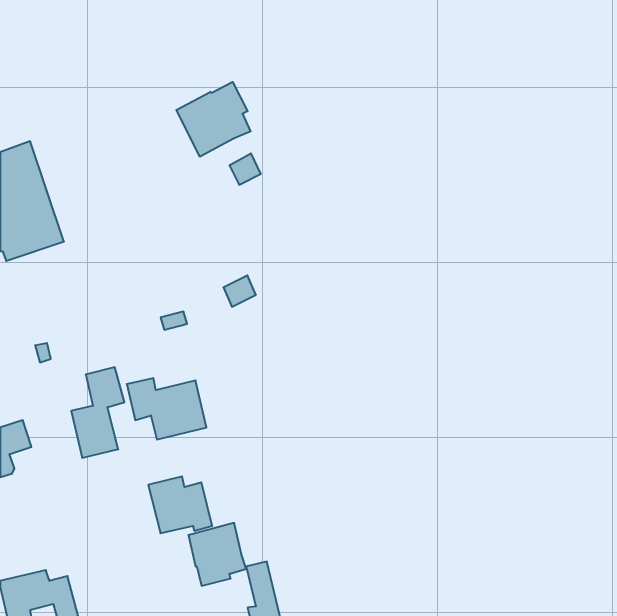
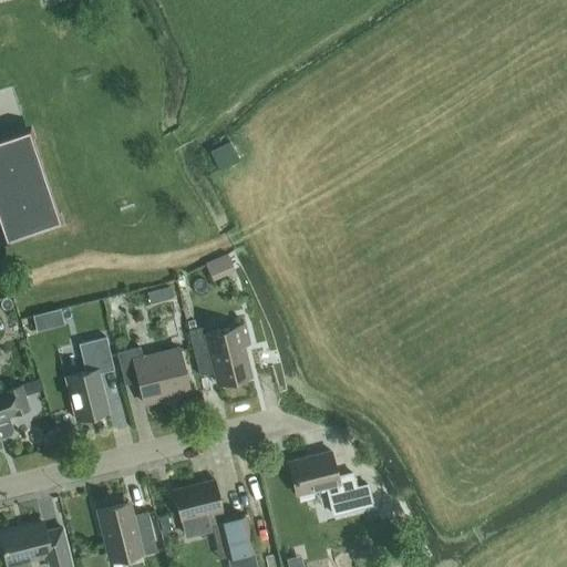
building: [176,82,251,157] -> none
building: none -> [188,326,250,385]
building: [148,476,212,533] -> [99,506,157,558]
building: none -> [288,452,378,515]

